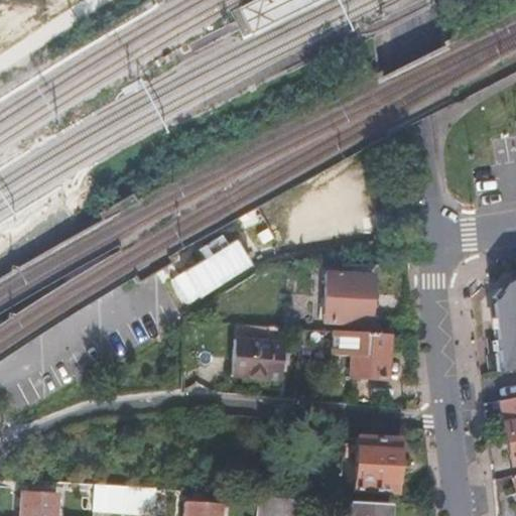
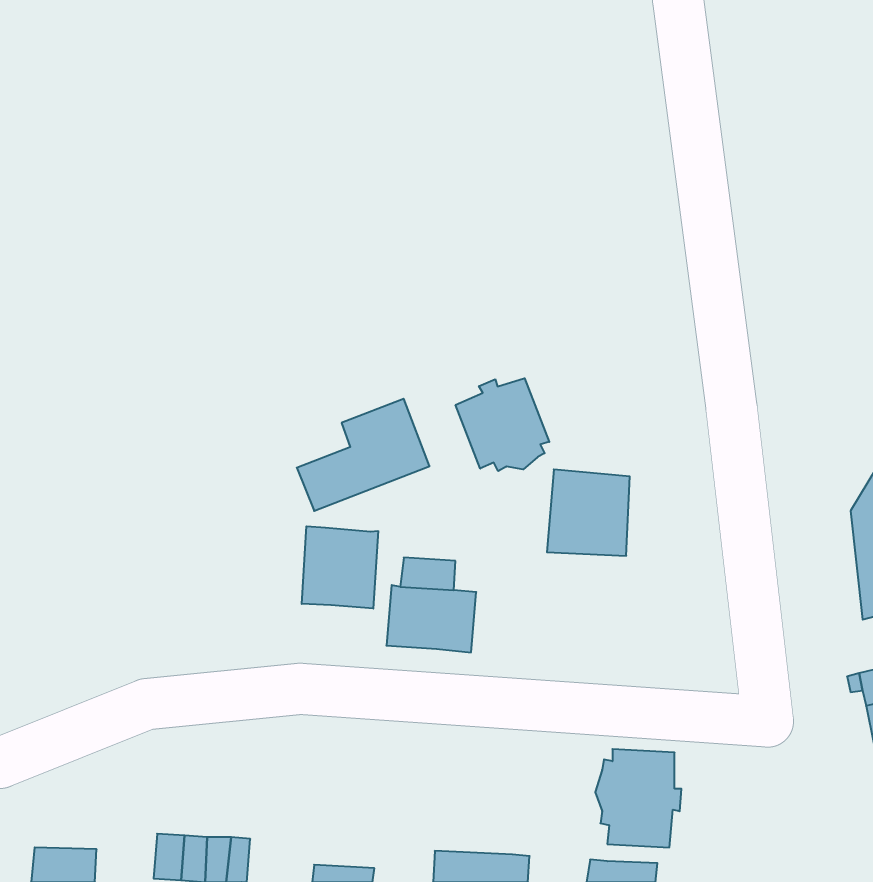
building: none -> [456,378,549,471]
building: none -> [302,526,378,609]
building: [338,332,390,380] -> none

